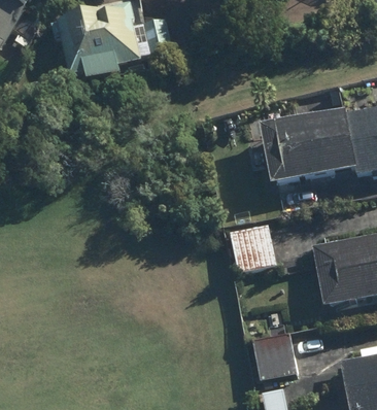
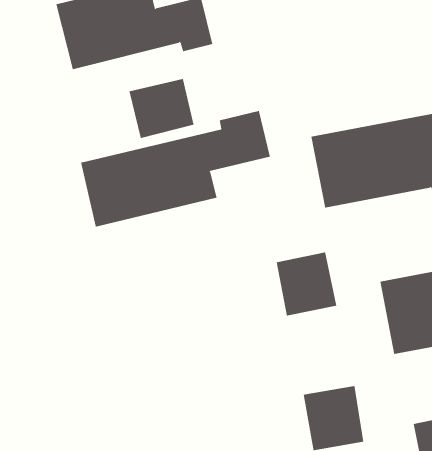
building: none -> [129,78,194,139]
building: none -> [81,110,270,228]

